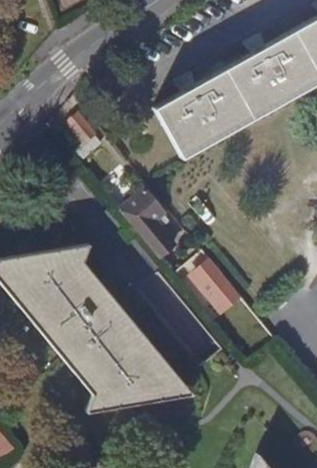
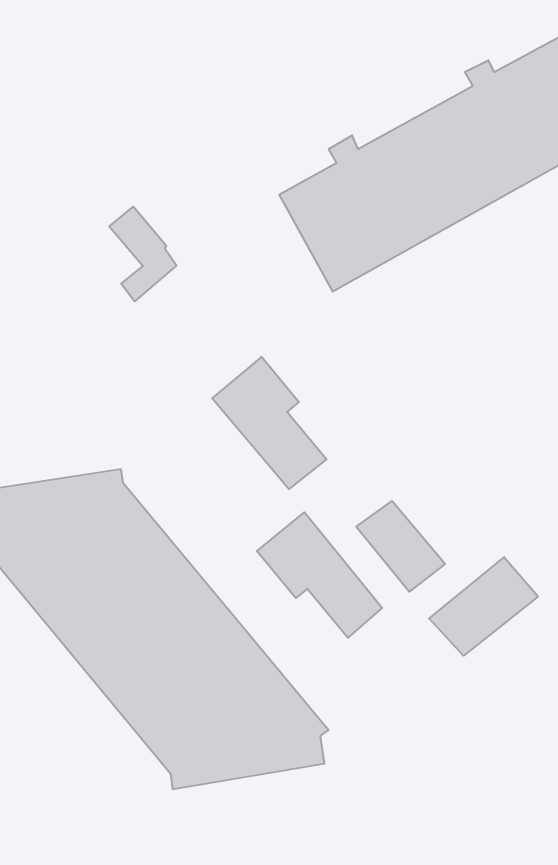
building: none -> [257,512,382,638]
building: none -> [429,557,538,656]

